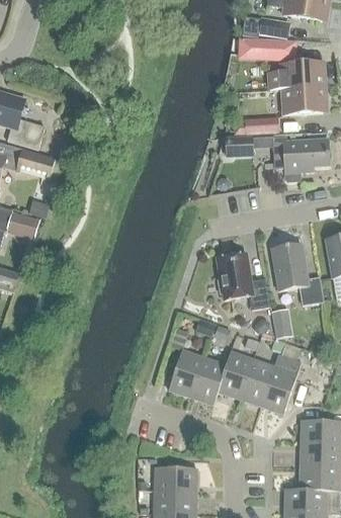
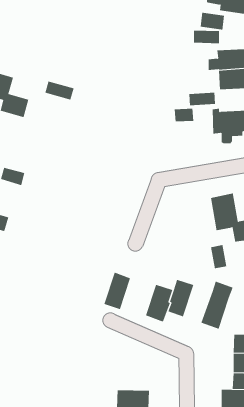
building: [14,149,54,179] -> [43,81,74,105]
building: [216,253,269,310] -> none
building: [168,349,202,397] -> [104,272,131,310]
building: [238,358,273,406] -> none
building: [154,466,196,491] -> none

